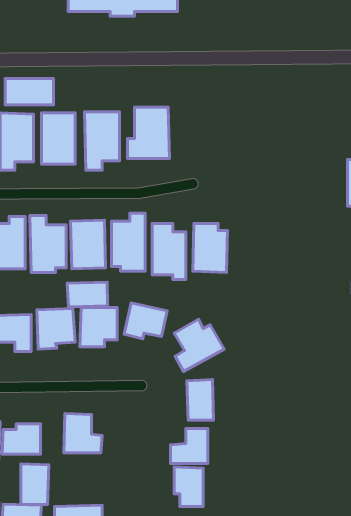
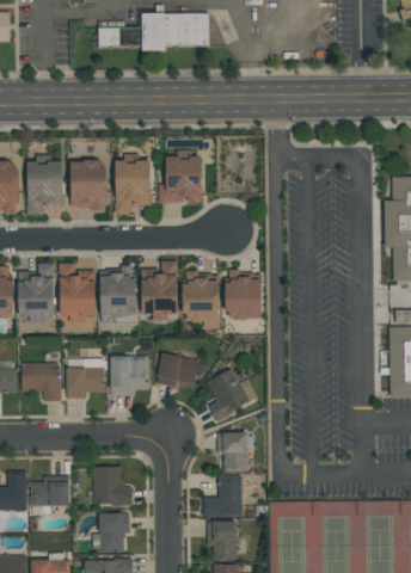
building: [5,79,54,105] -> none
building: [67,282,107,307] -> none
building: [21,464,49,504] -> [99,510,128,552]

